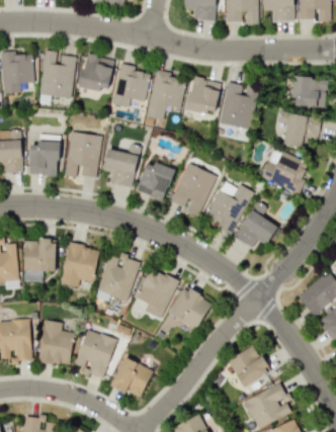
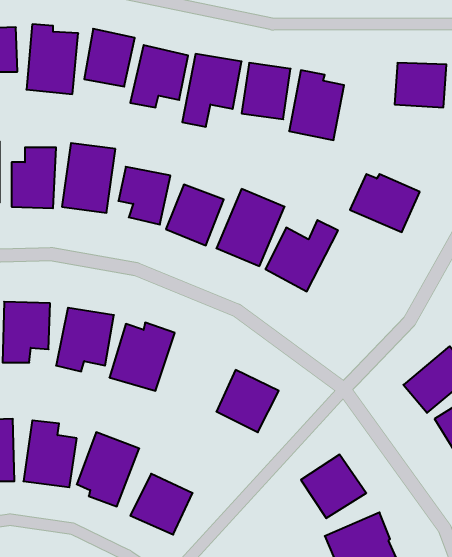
building: [282,113,321,149] -> none
building: [234,201,277,248] -> none
building: [134,267,177,319] -> none

